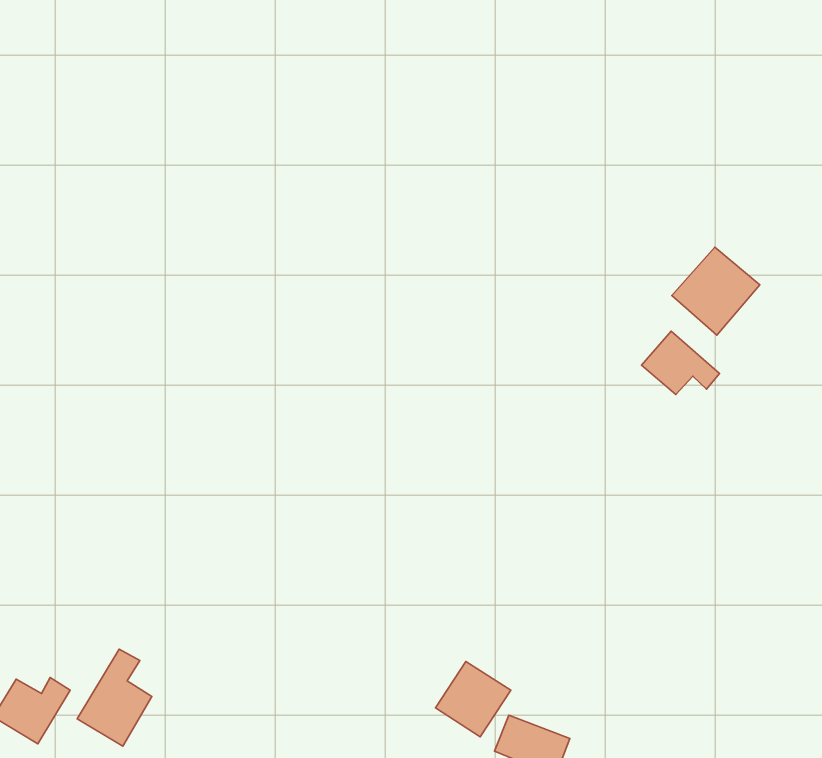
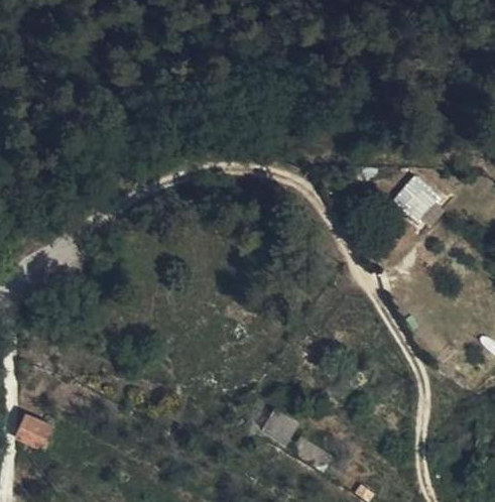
building: [641,331,719,395] -> none
building: [77,649,152,746] -> none

